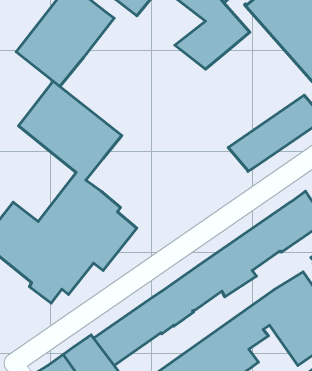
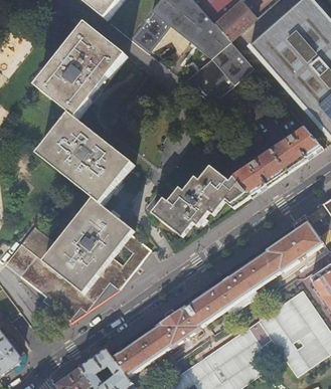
building: none -> [152,165,252,236]

